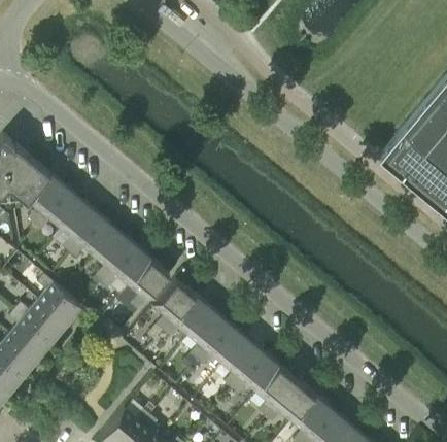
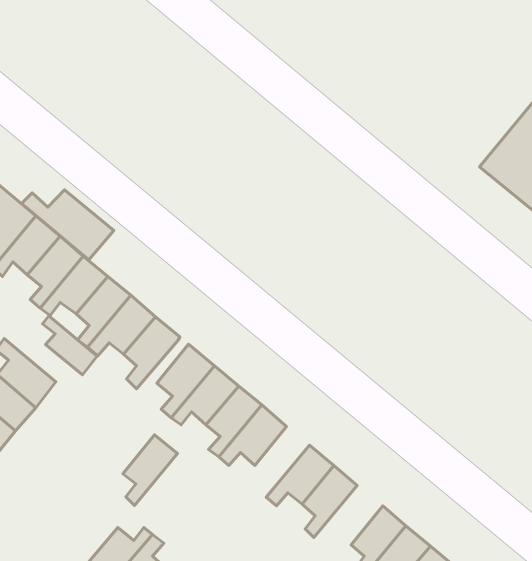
building: none -> [22,190,114,260]
building: none -> [42,316,97,375]
building: [225,339,264,389] -> [123,435,178,506]
building: [267,381,316,424] -> none

